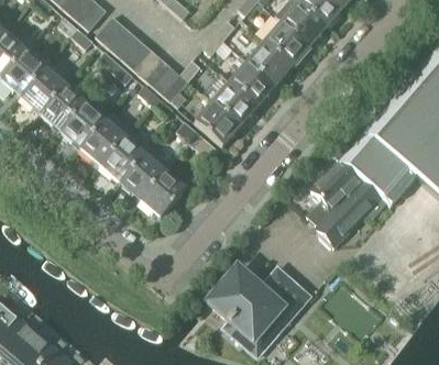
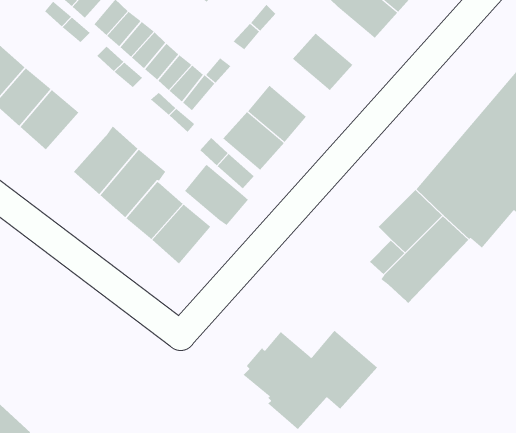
building: [264,22,309,66] -> none
building: [229,62,275,106] -> none
building: [59,102,105,147] -> none
building: none -> [184,164,249,226]

